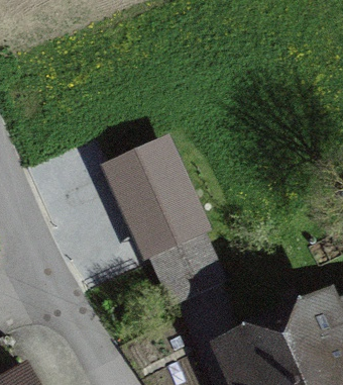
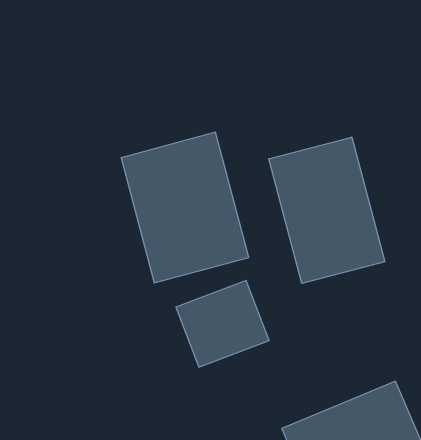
building: none -> [269,137,385,283]

